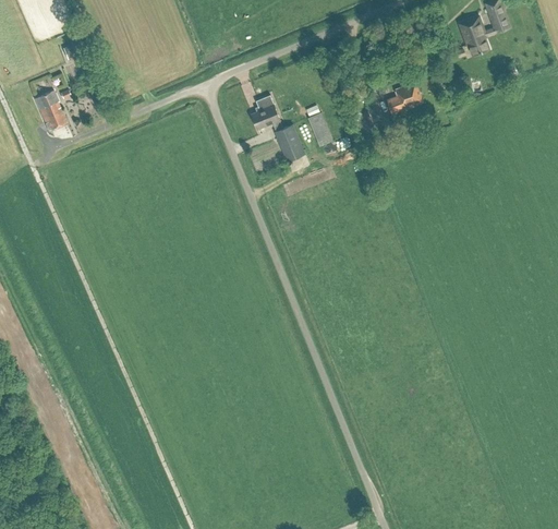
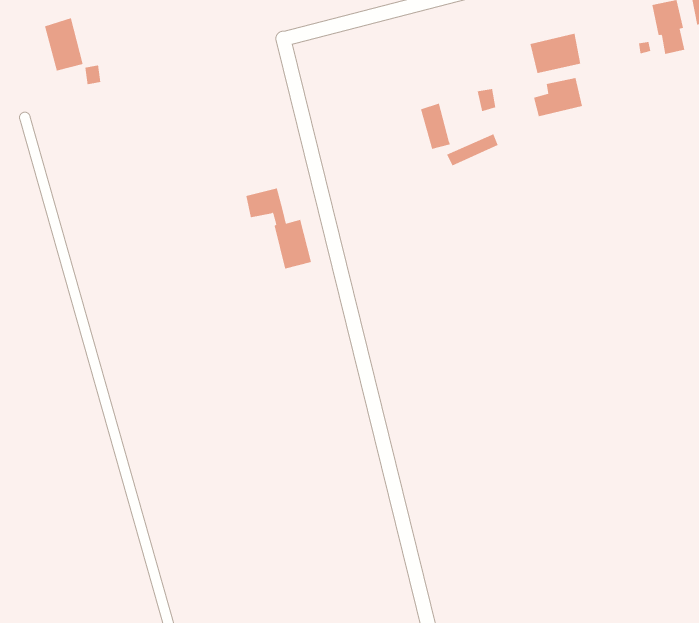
building: none -> [530,33,581,74]
building: [251,104,304,160] -> [246,188,312,269]

